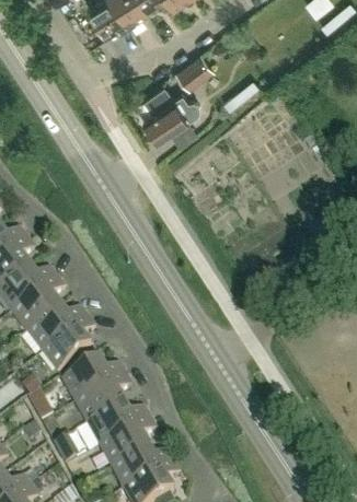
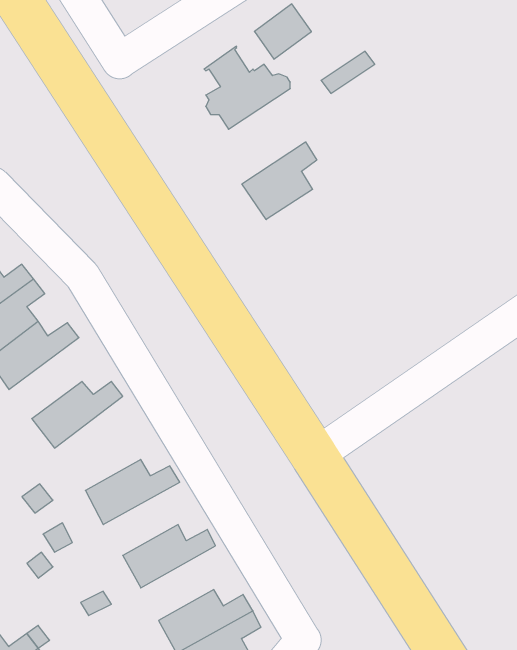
building: none -> [242,142,317,220]
building: [11,276,66,330] -> none
building: [42,315,95,371] -> none
building: [74,373,133,422] -> none
building: [100,416,157,466] -> none

